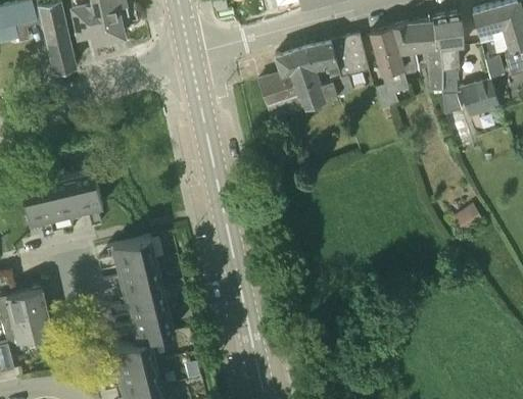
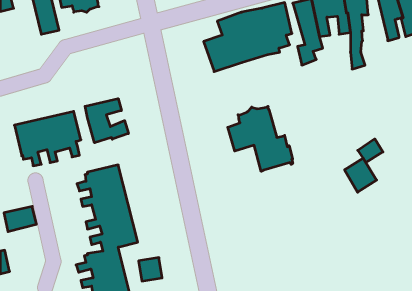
building: [462,83,498,118] -> none
building: none -> [85,99,128,143]
building: none -> [228,106,293,171]
building: none -> [345,158,377,192]
building: [11,310,53,343] -> none

